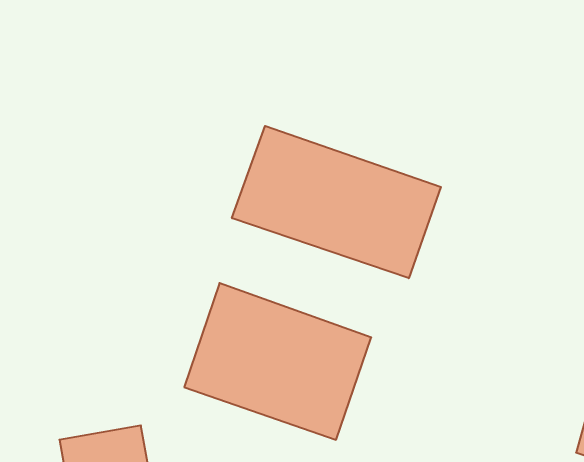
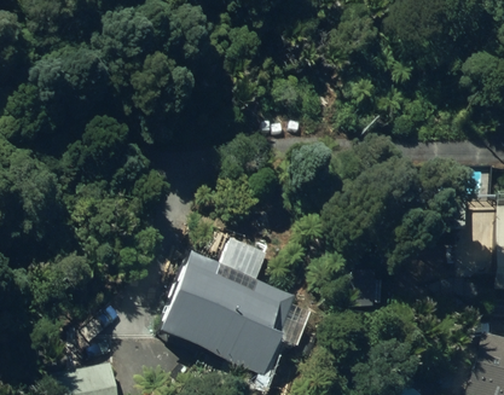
building: [232,126,441,278] -> none

